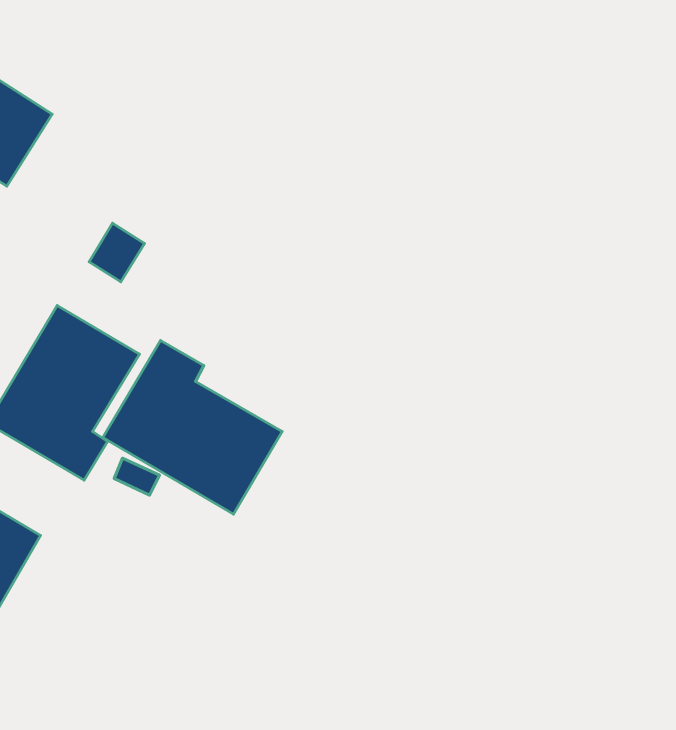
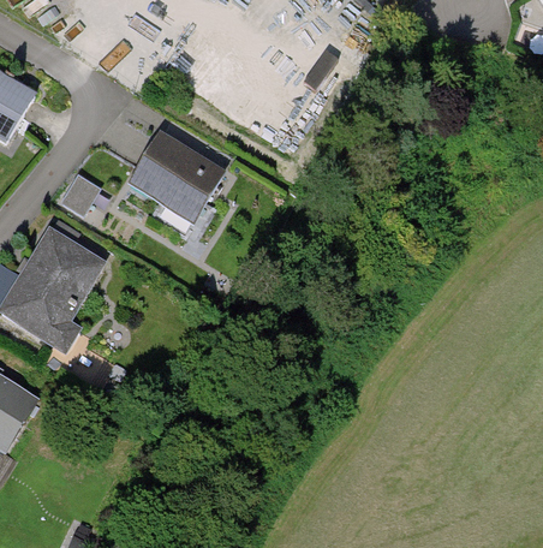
building: none -> [123,131,222,225]
building: [103,340,282,514] -> none

